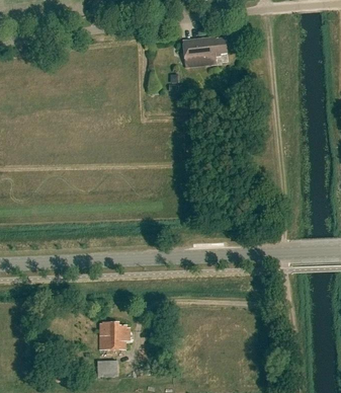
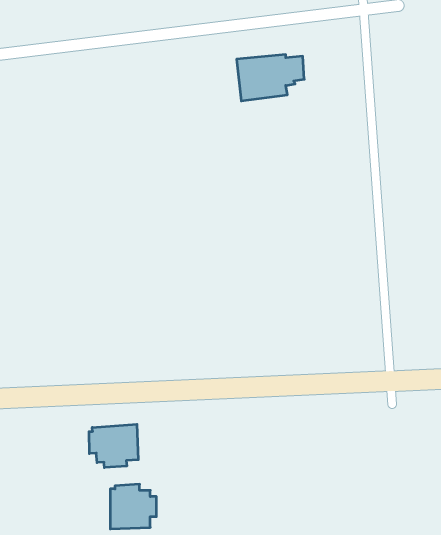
building: none -> [89,424,138,468]

